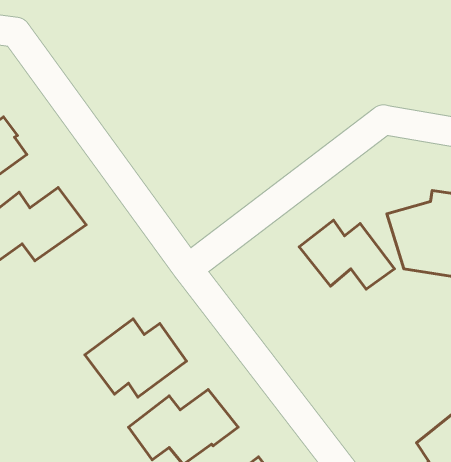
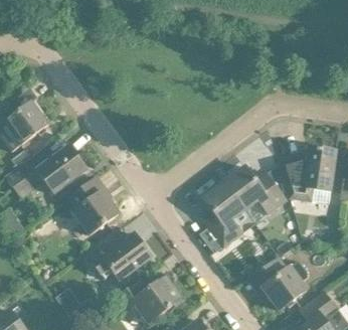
building: none -> [67,180,120,235]
building: none -> [202,184,244,244]
building: none -> [249,258,309,309]

